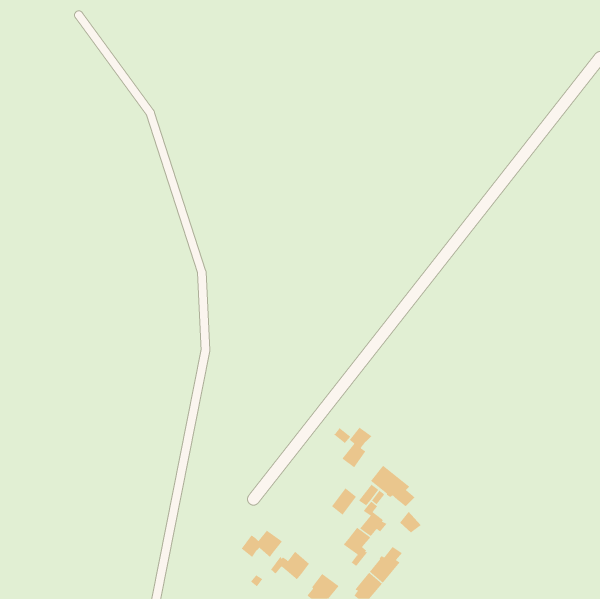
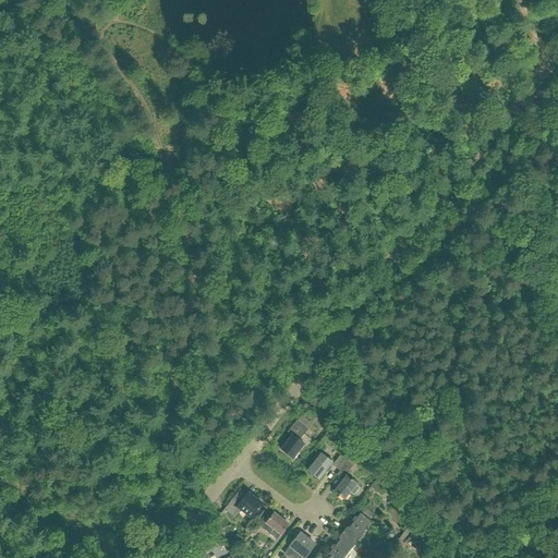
building: [342,427,372,468] -> [280,420,308,458]
building: [370,465,416,507] -> none
building: [343,527,371,567] -> none

